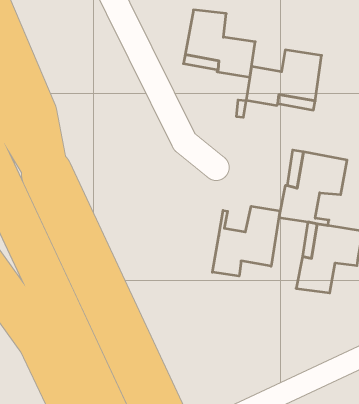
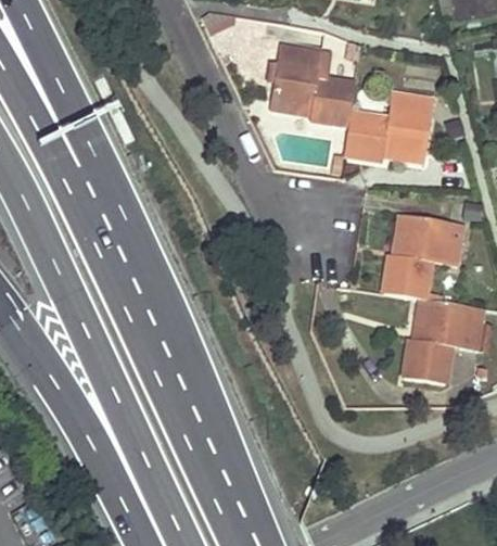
building: [212,206,280,276] -> none

